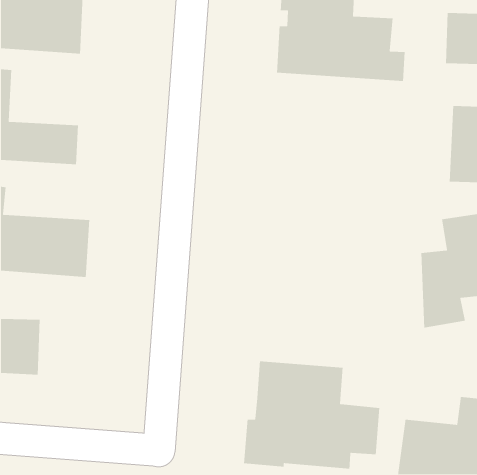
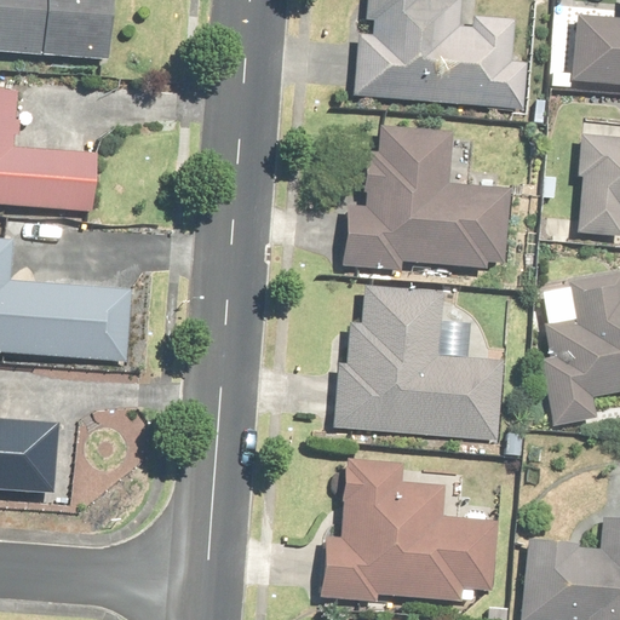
building: none -> [344,130,504,275]
building: none -> [341,283,503,431]

